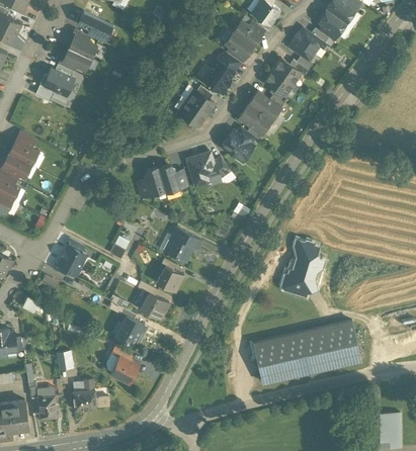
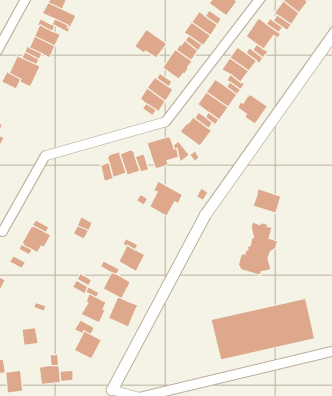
building: none -> [134,29,167,58]
building: none -> [237,94,268,124]
building: none -> [253,189,281,213]
building: [167,227,201,263] -> [150,181,183,216]
building: none -> [109,297,138,327]

